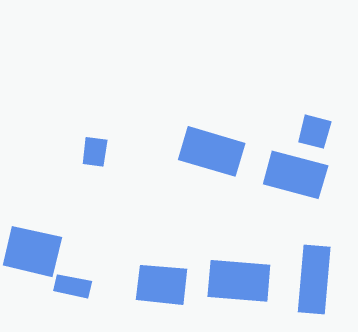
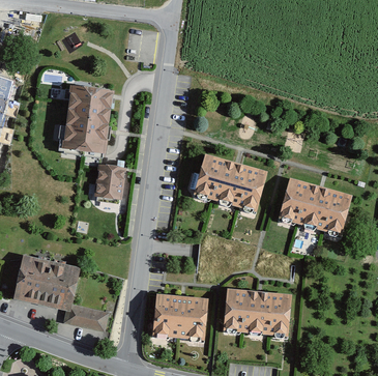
building: none -> [65,85,113,150]
building: [298,114,332,150] -> none
building: [297,244,331,315] -> none

